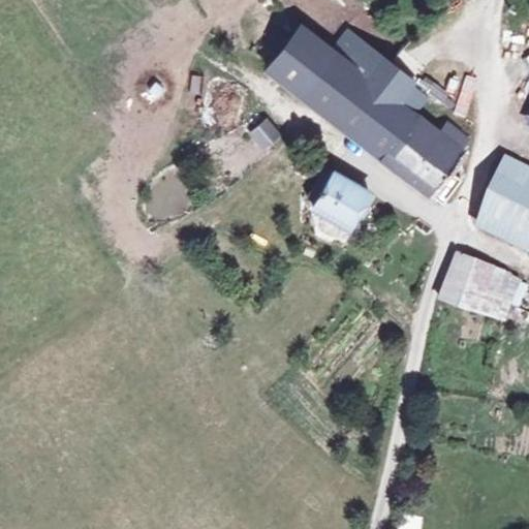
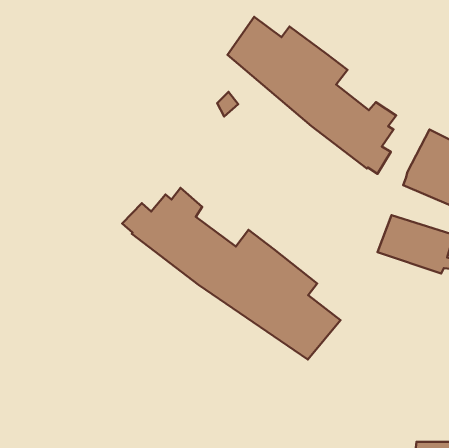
building: [315,175,377,234] -> none
building: none -> [122,188,341,359]

